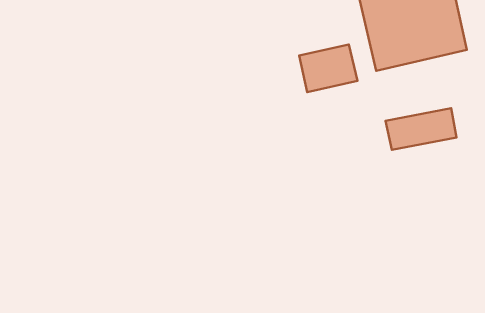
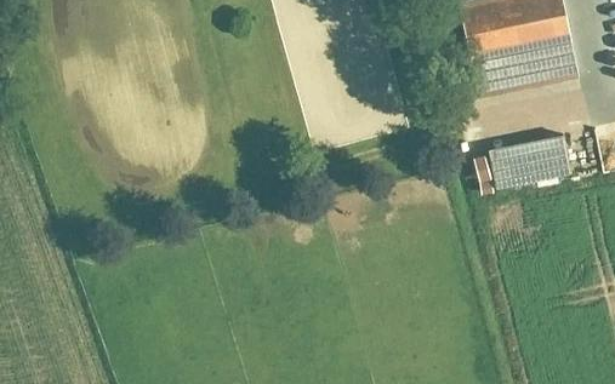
building: [299,44,357,92] -> none

